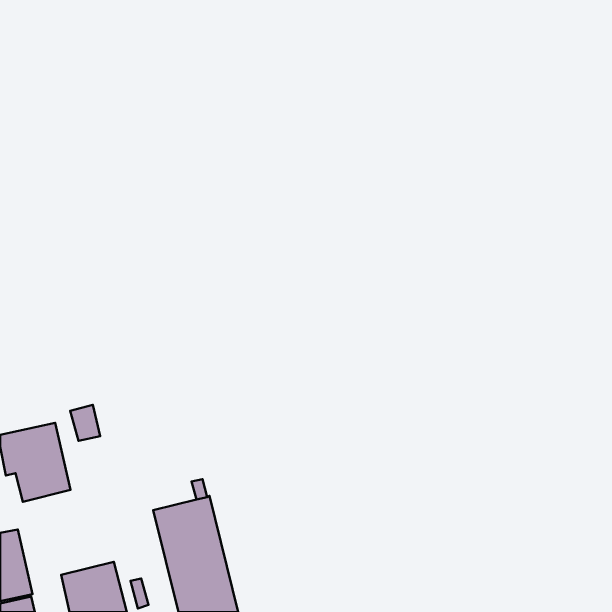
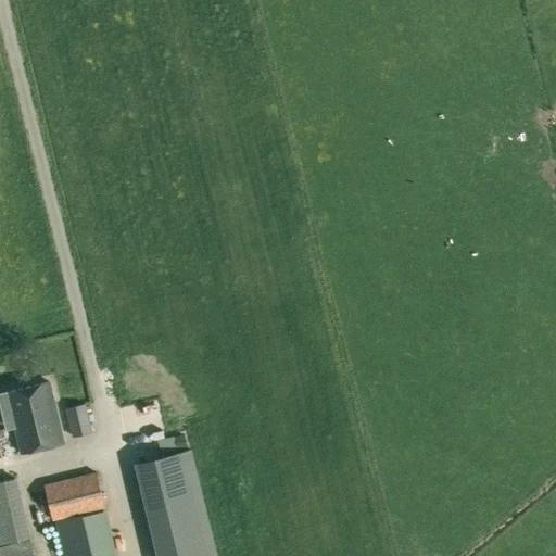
building: [70,405,100,441] -> [65,405,92,438]
building: none -> [43,473,105,522]

